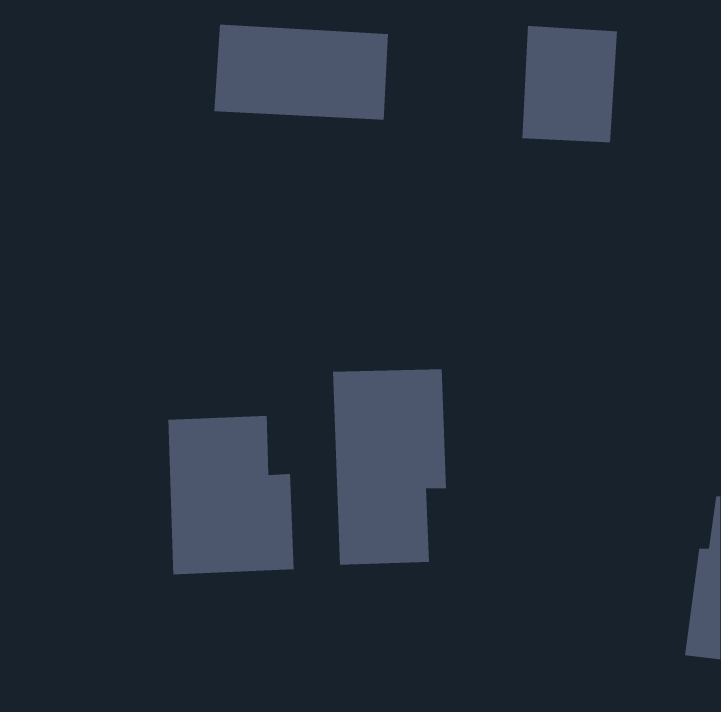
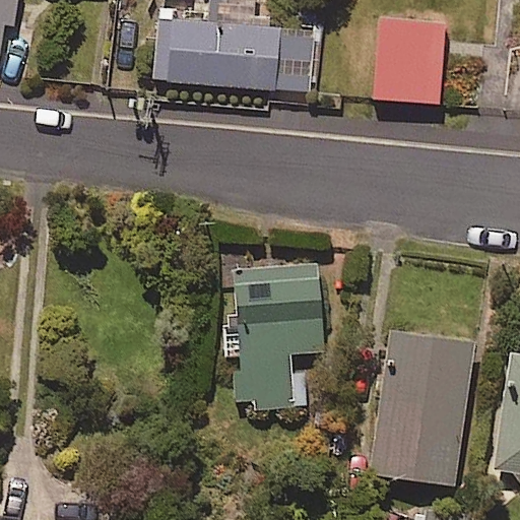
building: [168,415,294,575] -> none
building: none -> [373,335,469,485]

